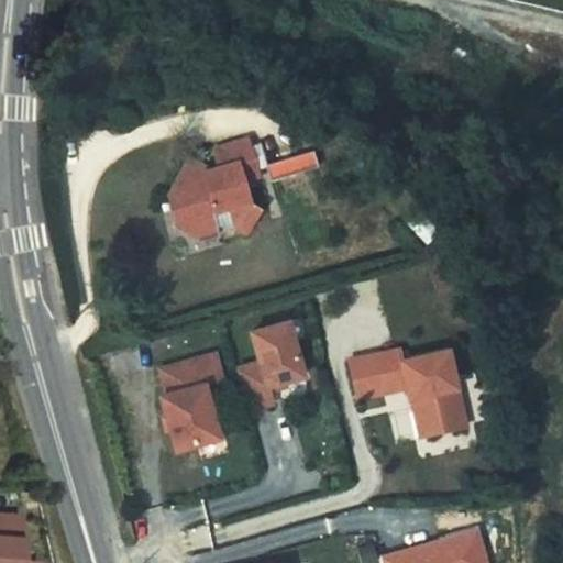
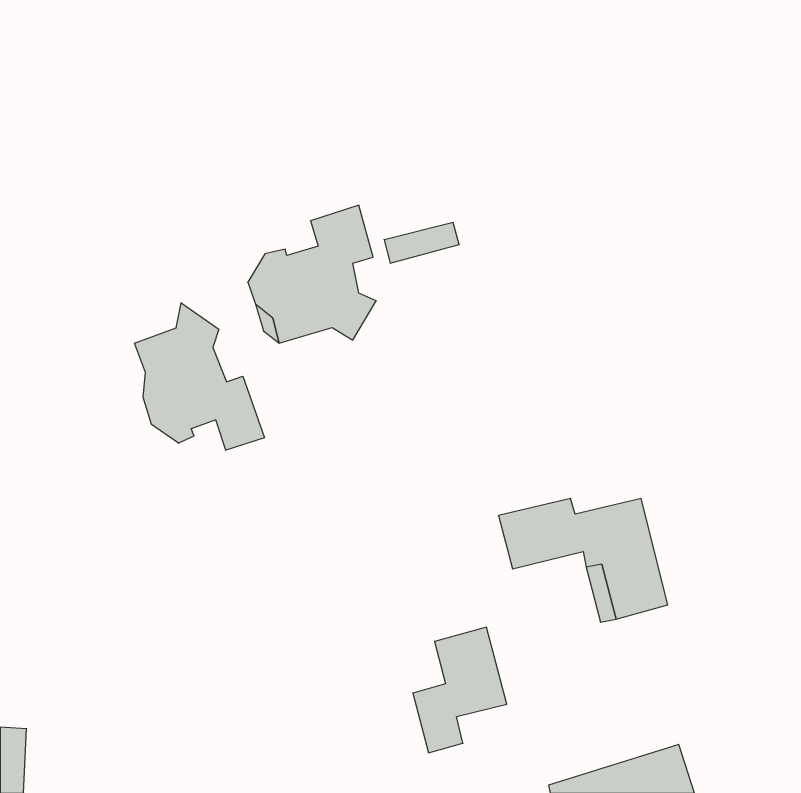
building: none -> [135,303,265,450]
building: [238,324,303,412] -> [413,627,507,753]
building: [161,355,222,451] -> none

